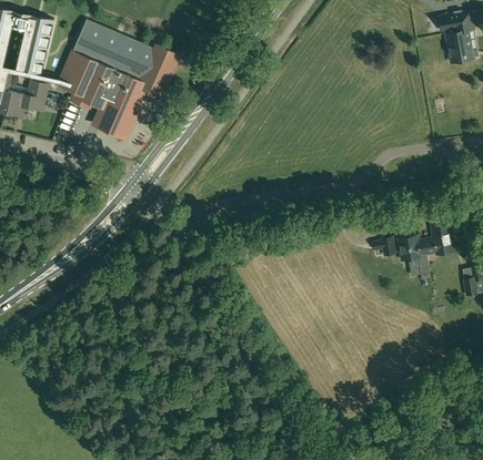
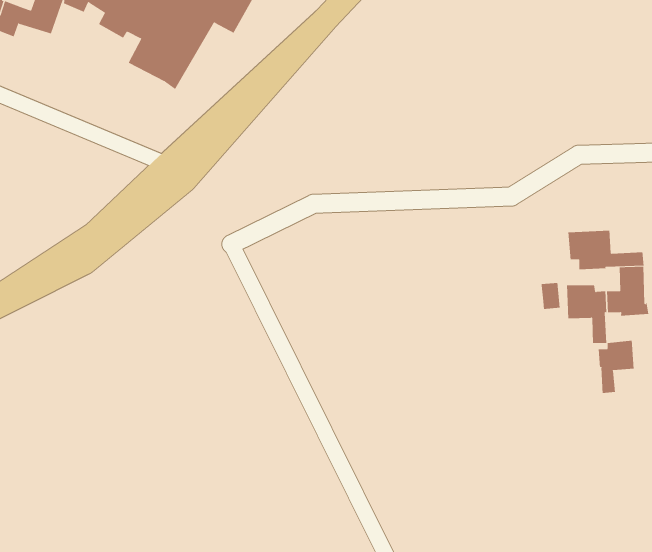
building: none -> [568,230,644,270]
building: none -> [598,340,634,394]

